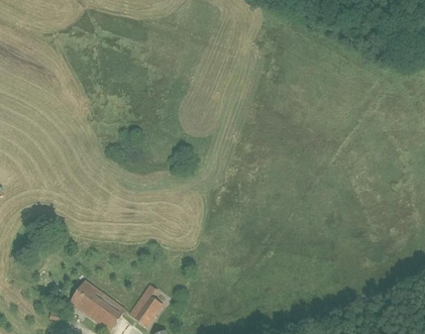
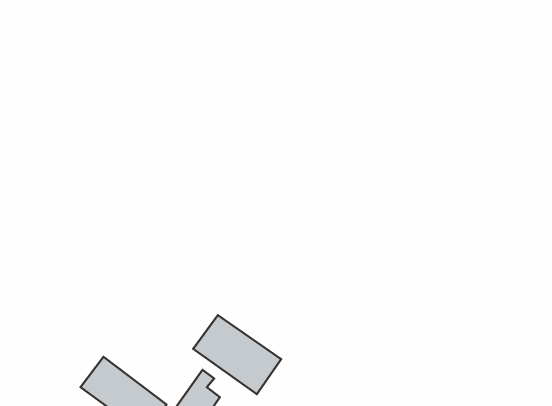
building: none -> [193,315,281,394]

